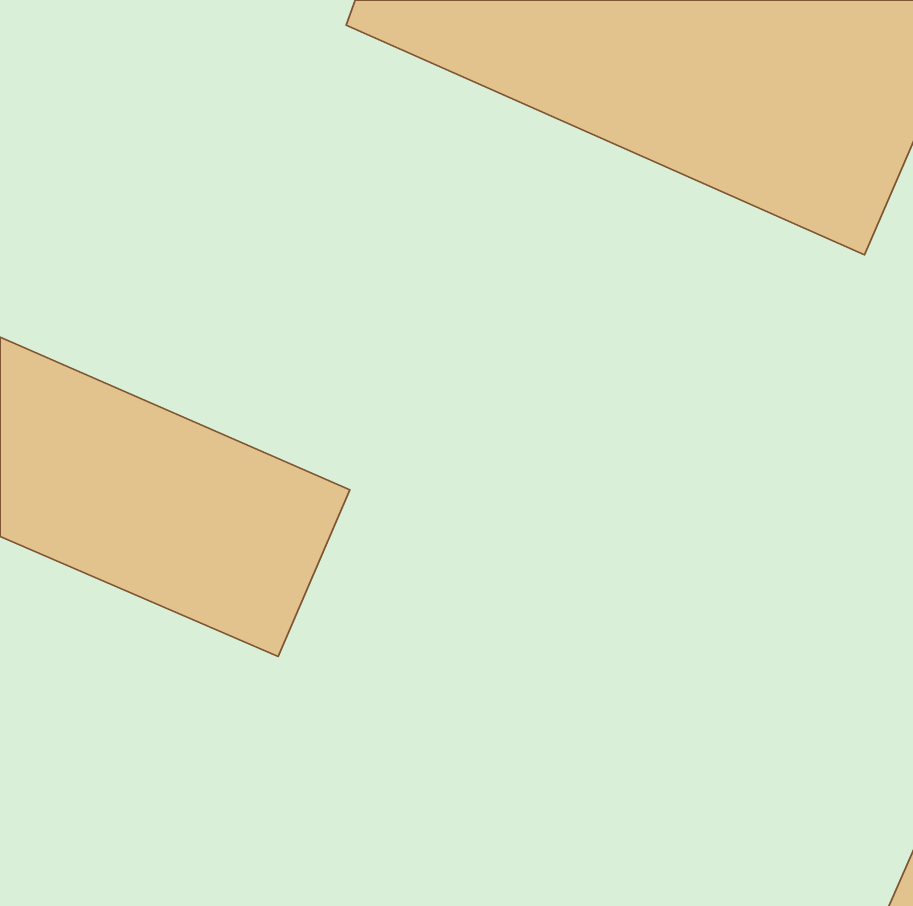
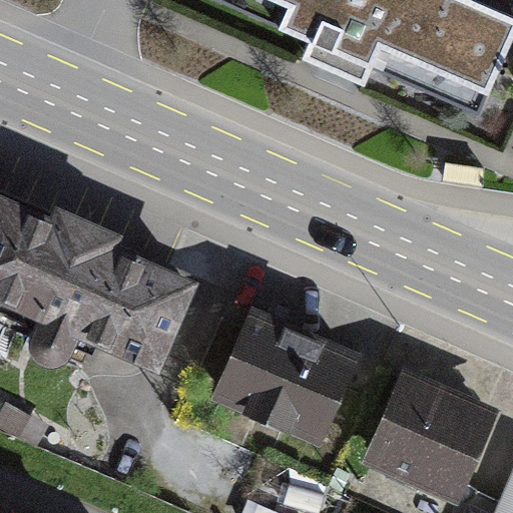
building: none -> [210,303,365,448]
building: none -> [364,364,502,496]

